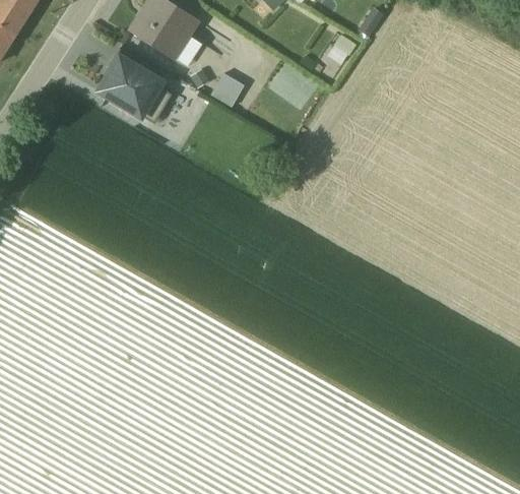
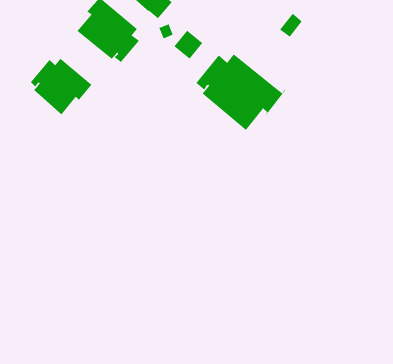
building: none -> [196,53,286,131]
building: none -> [30,58,94,115]

